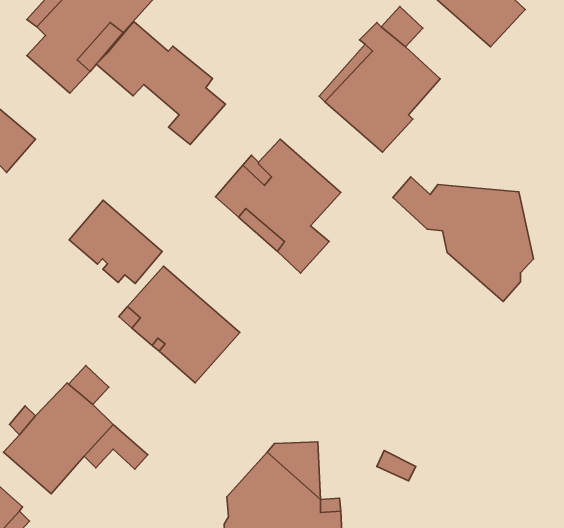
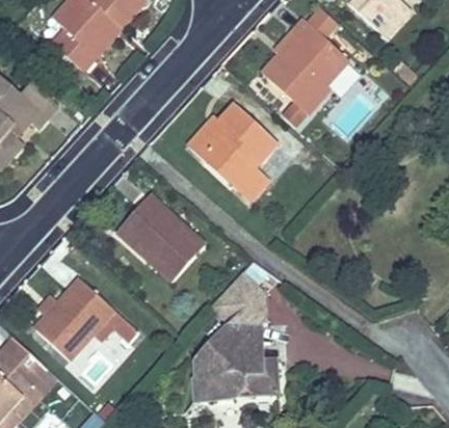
building: [96,22,226,145] -> none
building: [393,177,534,302] -> none
building: [69,200,162,284] -> none

